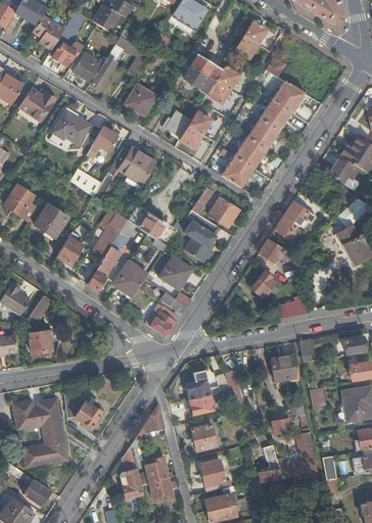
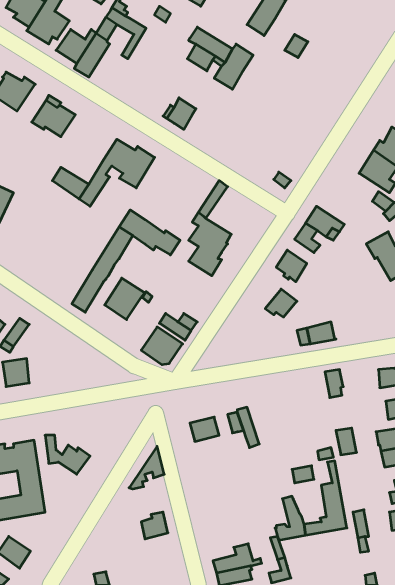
building: [221,81,305,187] -> none
building: [127,84,157,114] -> none
building: [179,110,212,148] -> none
building: [90,125,118,153] -> none
building: [208,195,239,226] -> none
building: [36,203,68,237] -> none
building: [94,203,127,254] -> none
building: [56,231,83,265] -> none
building: [160,255,193,287] -> none
building: [271,354,299,381] -> none
building: [188,393,215,414] -> none
building: [190,418,219,449] -> none
building: [120,445,141,496] -> none
building: [199,460,226,491] -> none
building: [148,475,173,498] -> none

